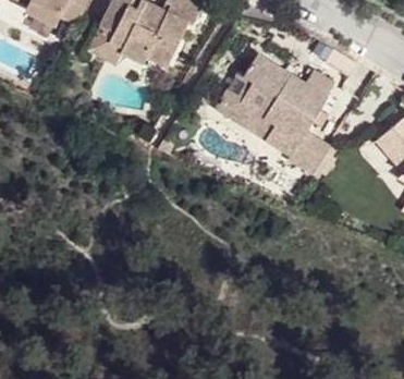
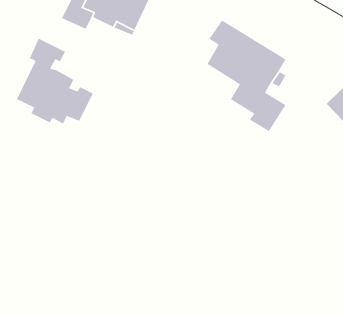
building: [218,71,279,139] -> none
building: none -> [16,38,94,125]

